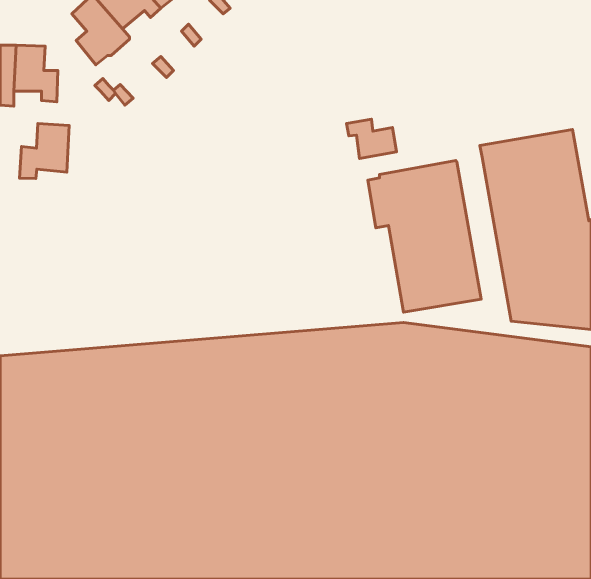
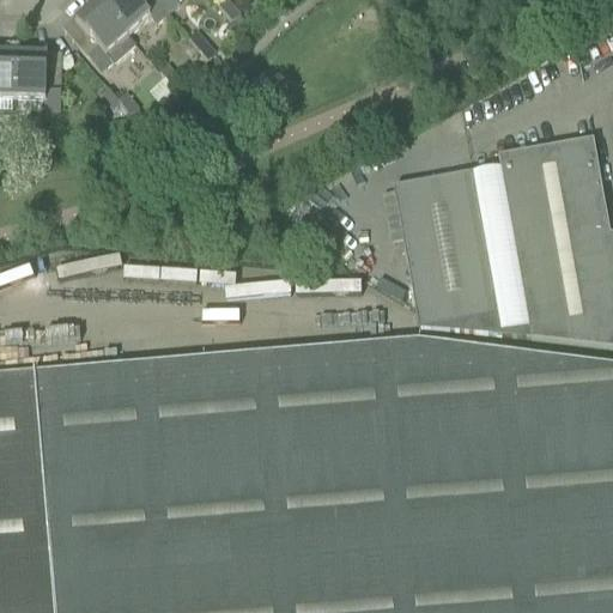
building: [346,119,396,158] -> none
building: [20,124,69,178] -> none
building: none -> [418,163,529,333]

